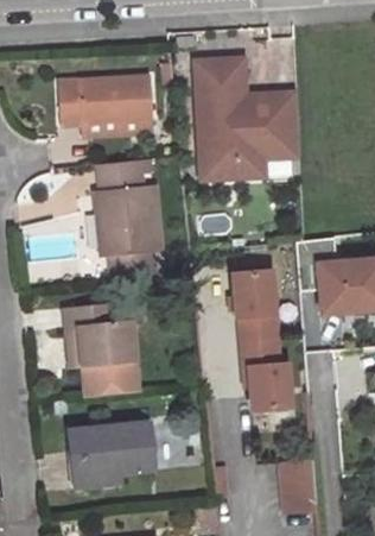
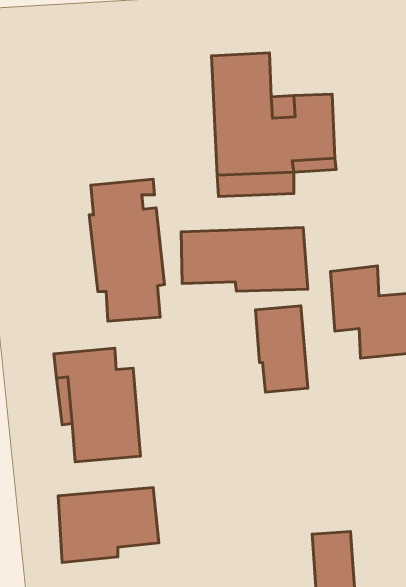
building: [59,75,153,135] -> none
building: none -> [181,227,308,291]
building: [241,336,290,408] -> none

